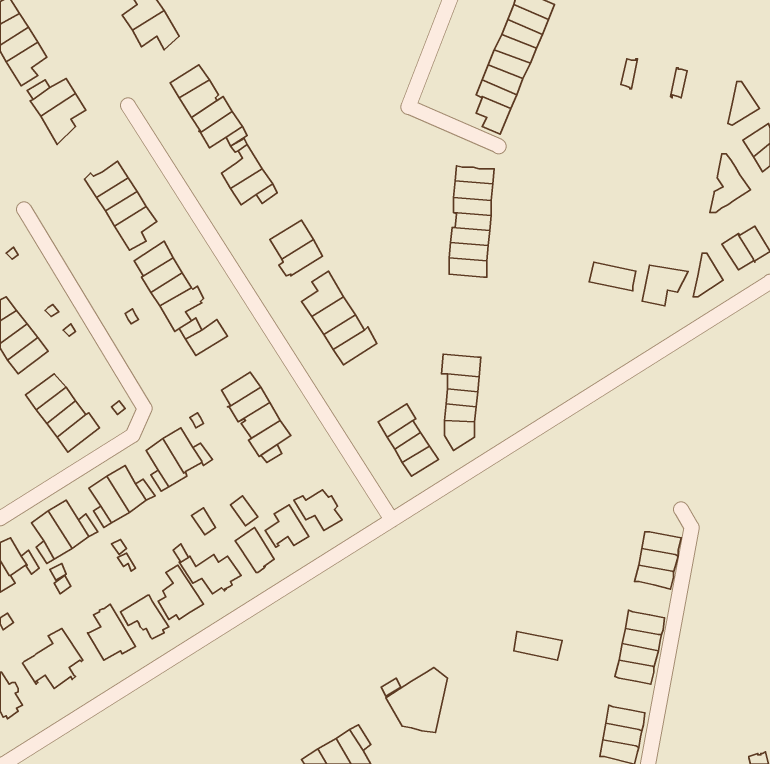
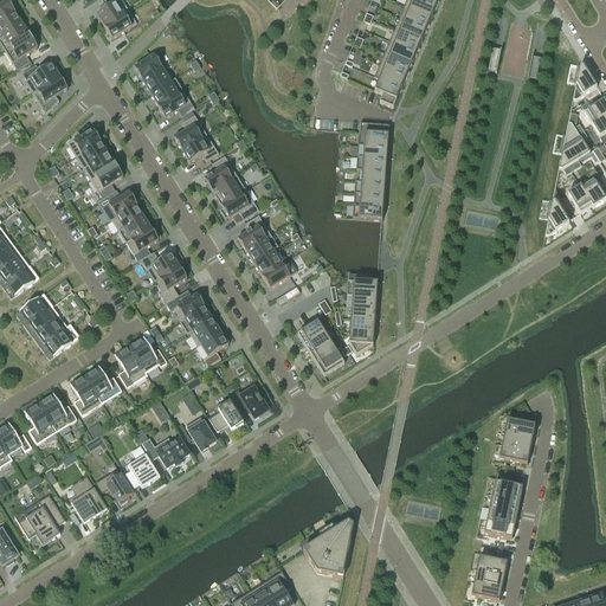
building: none -> [204,154,237,188]
building: [642,265,688,306] -> none
building: none -> [154,264,187,302]

